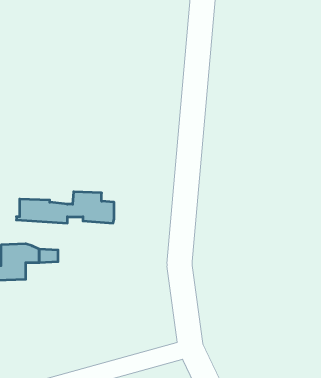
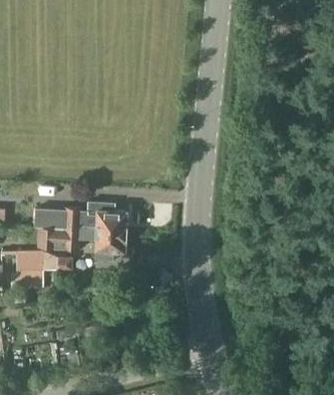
building: none -> [32,226,126,260]

